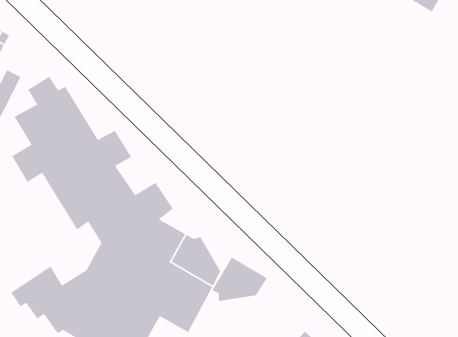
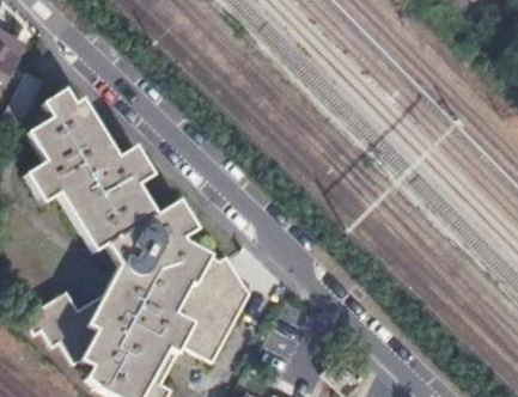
building: [211,257,268,302] -> none

